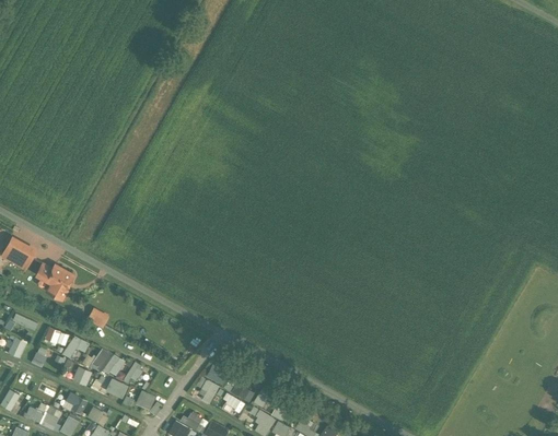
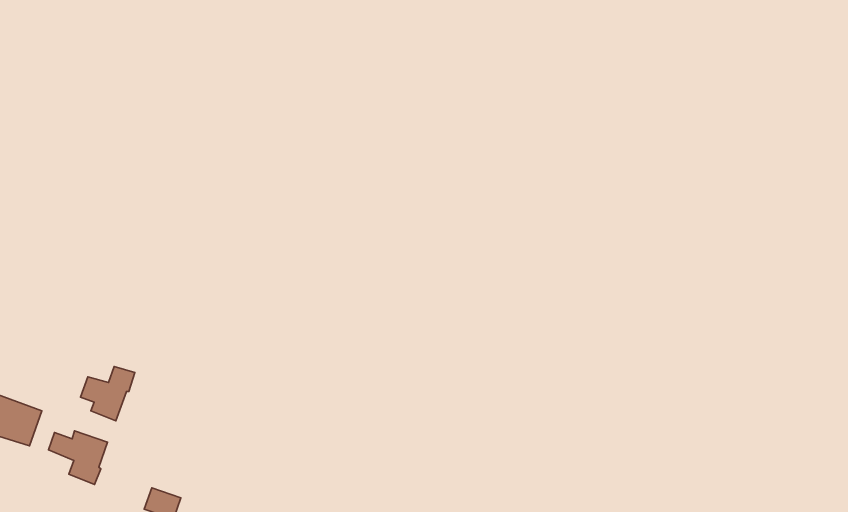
building: none -> [81,367,135,421]

